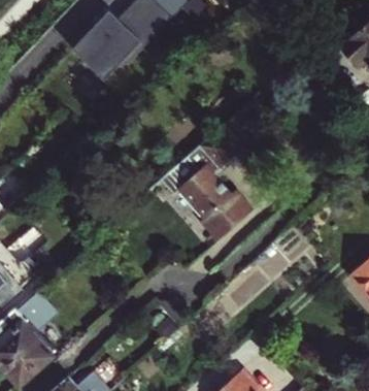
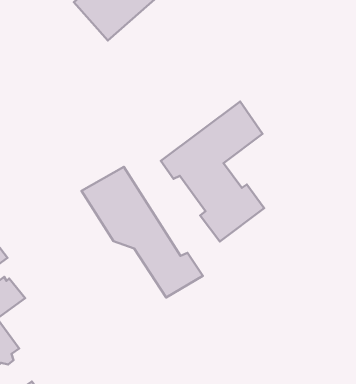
building: none -> [82,167,203,298]

